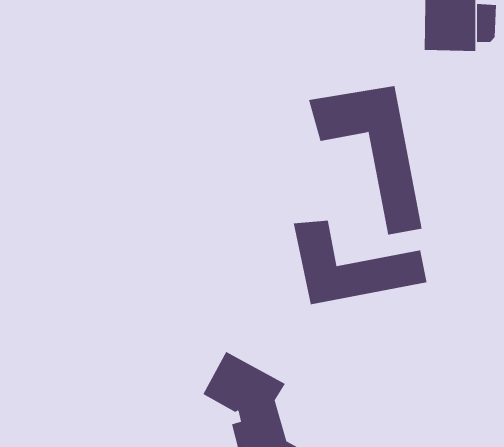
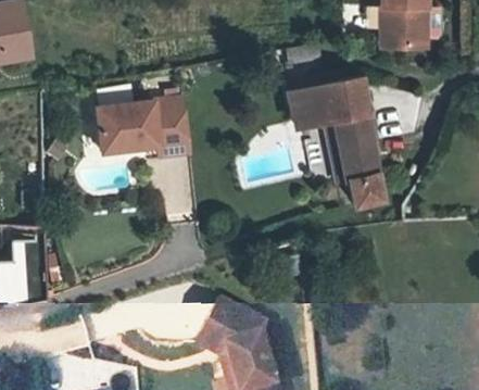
building: none -> [94,97,189,156]
building: [293,220,427,305] -> none

